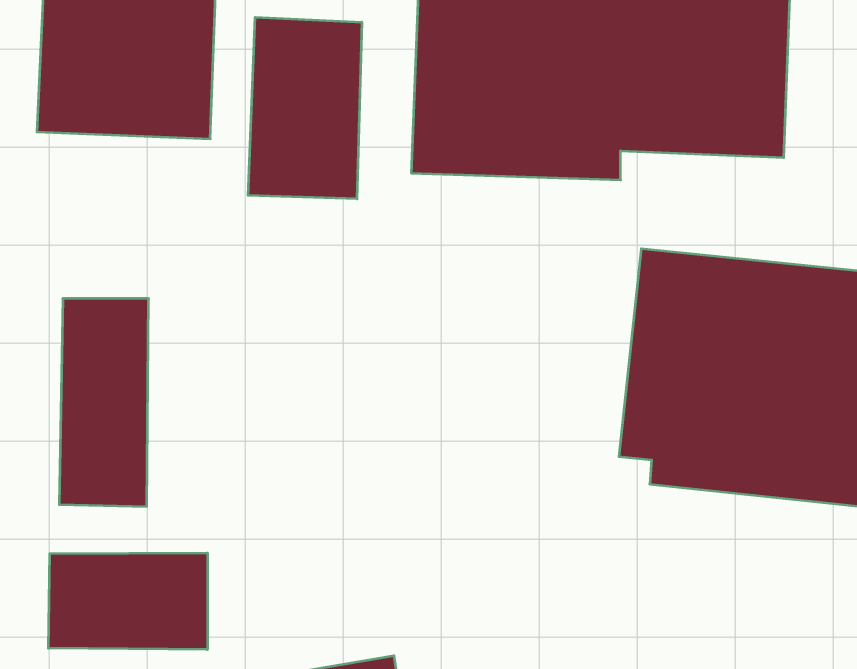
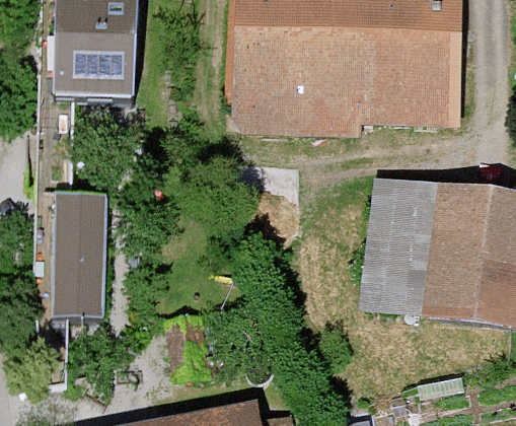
building: [248,17,362,199] -> none
building: [48,553,207,650] -> none

